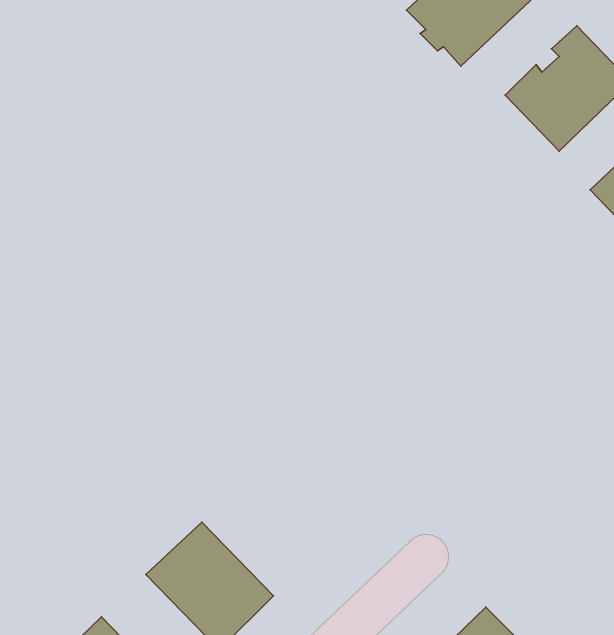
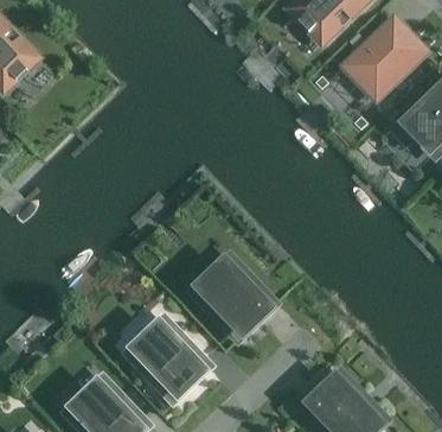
building: none -> [196,259,274,338]

